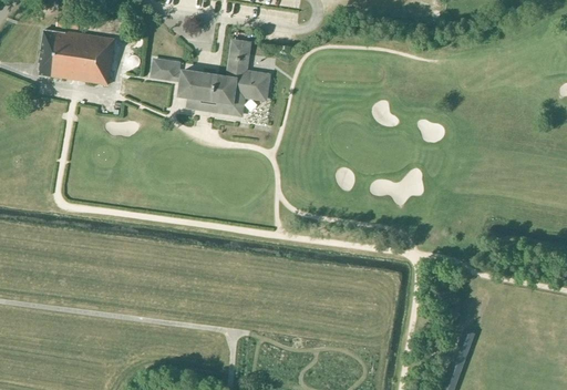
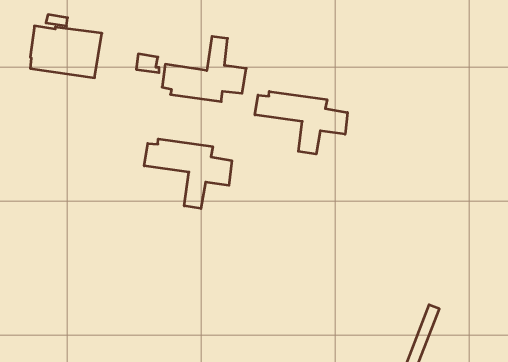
building: none -> [255,91,347,154]
building: none -> [144,139,232,209]

